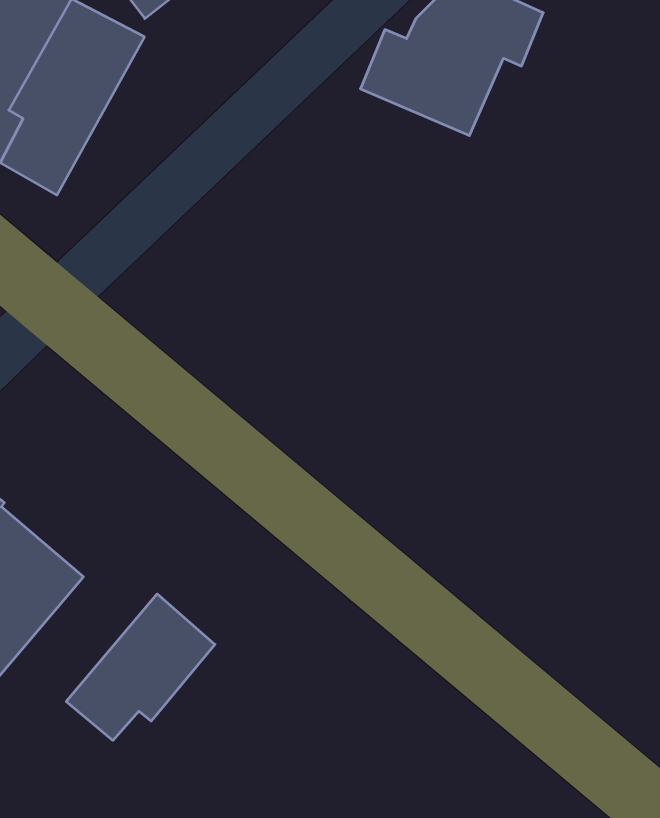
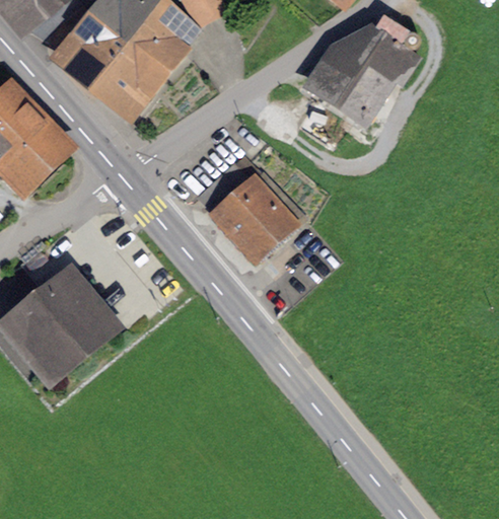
building: none -> [201,164,296,263]
building: [66,594,215,740] -> none

